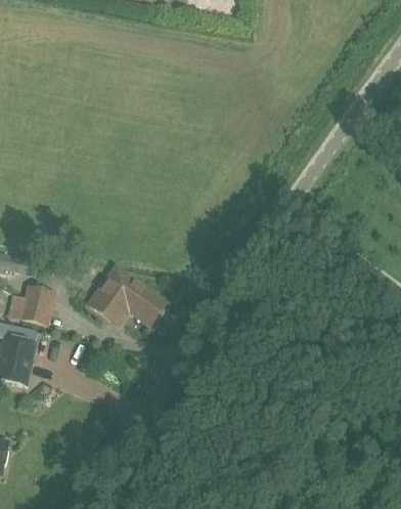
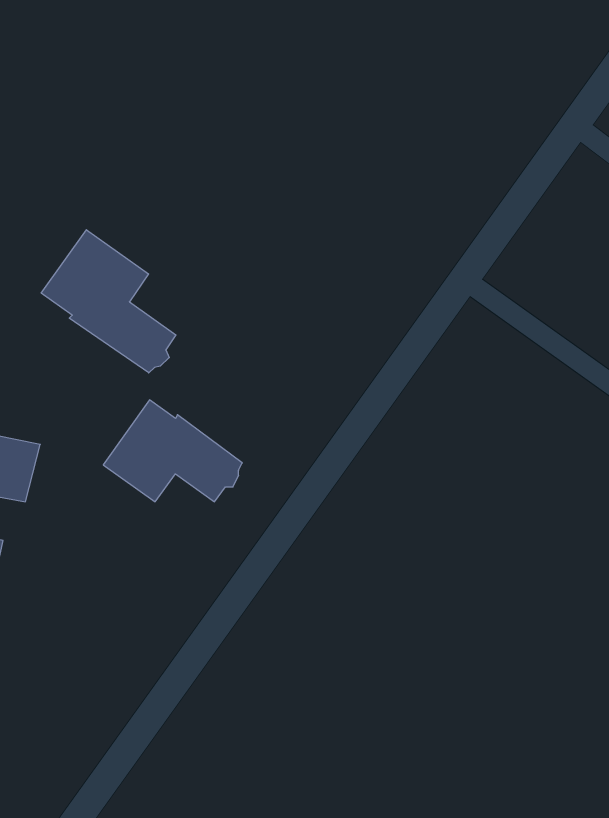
building: none -> [41,230,176,373]

